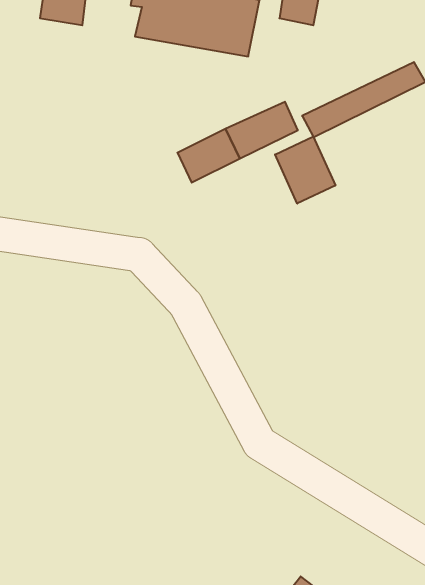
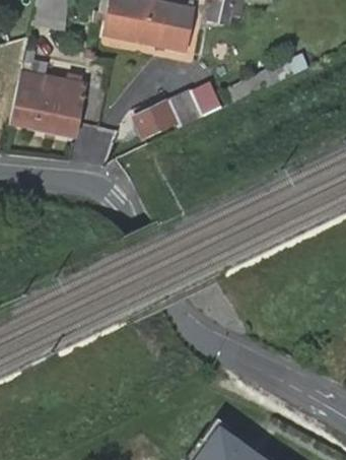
building: none -> [11,58,85,138]
building: [275,136,335,204] -> none

